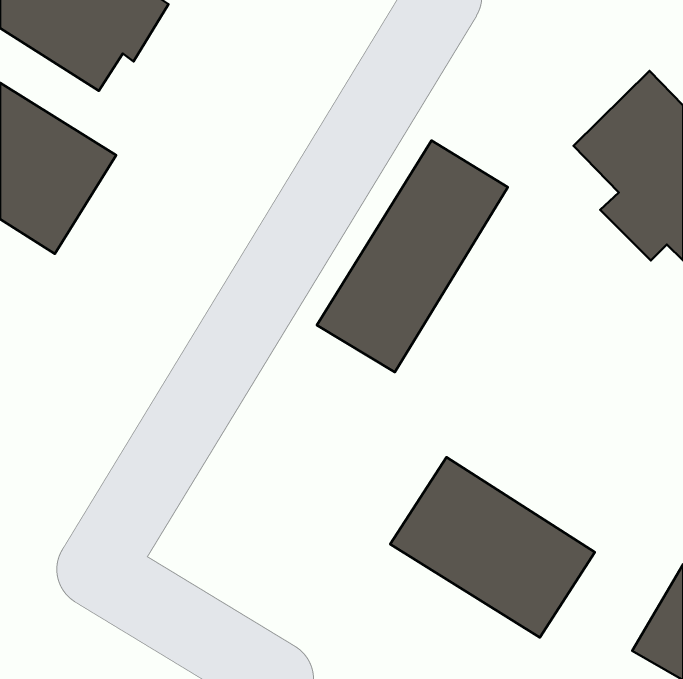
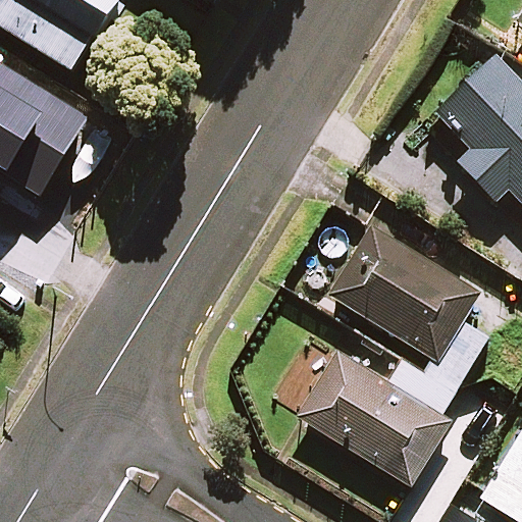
building: [317,141,508,372] -> none
building: none -> [329,225,478,359]

